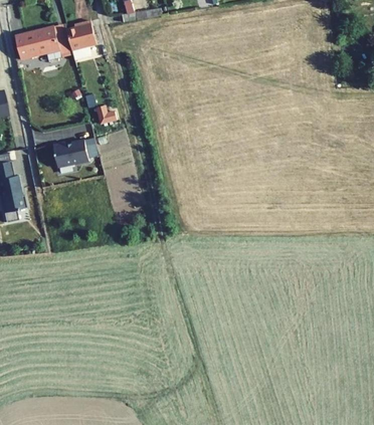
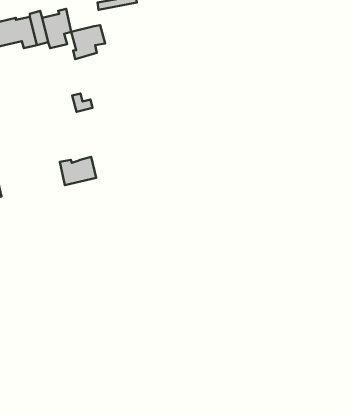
building: none -> [71,25,105,59]
building: [51,139,87,167] -> [60,157,96,185]

